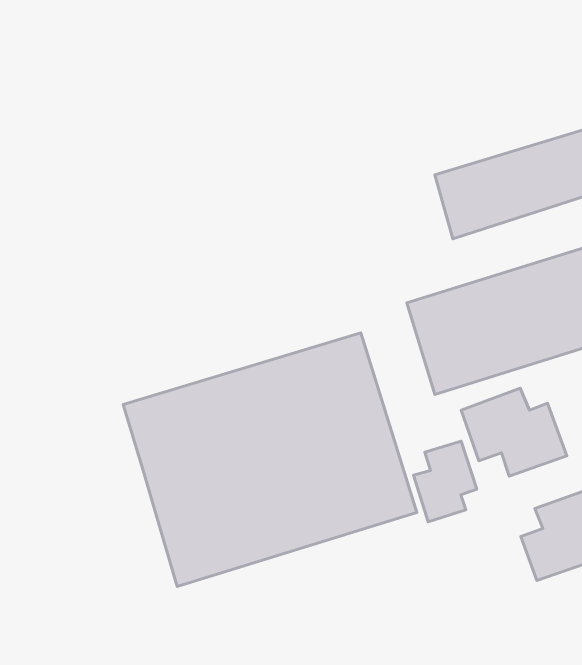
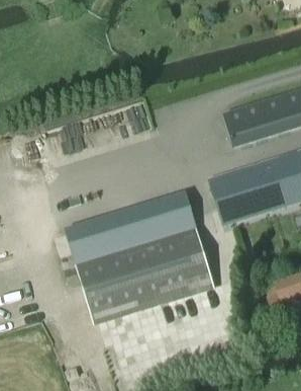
building: [461,388,567,476] -> none
building: [414,441,477,522] -> none

